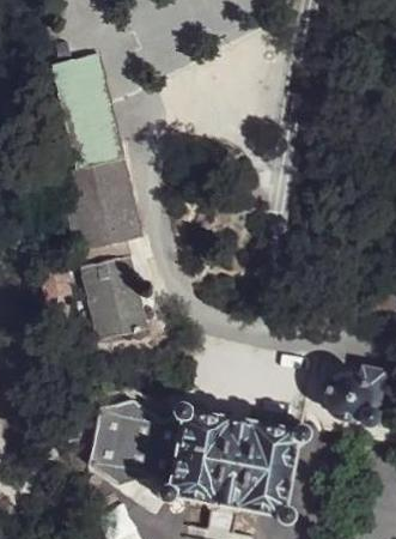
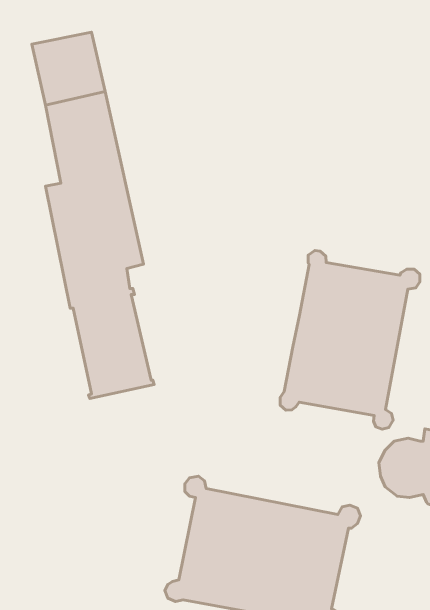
building: none -> [280,250,420,429]
building: [89,400,181,487] -> none

